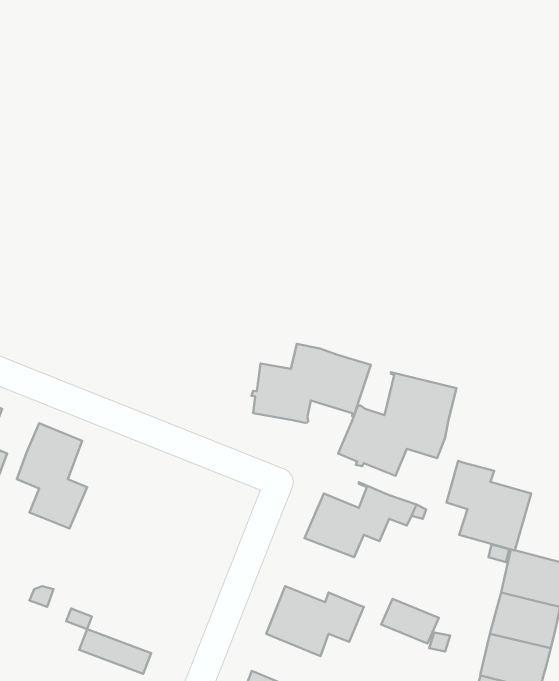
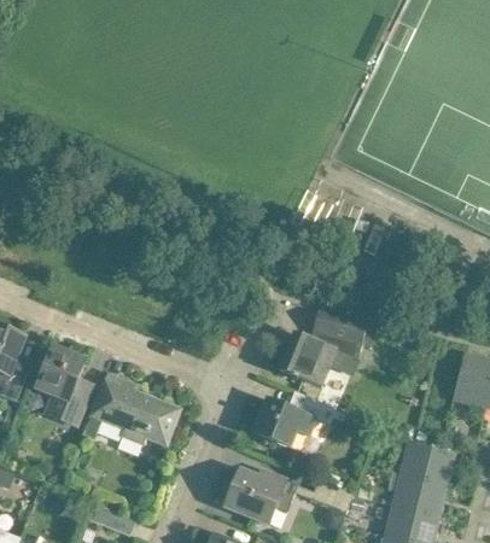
building: [251,344,371,423] -> none
building: none -> [89,372,180,444]
building: [446,461,531,550] -> none

